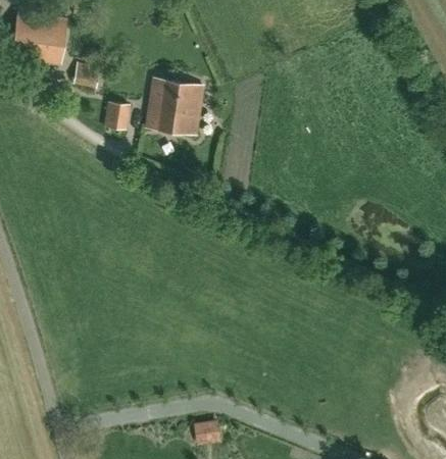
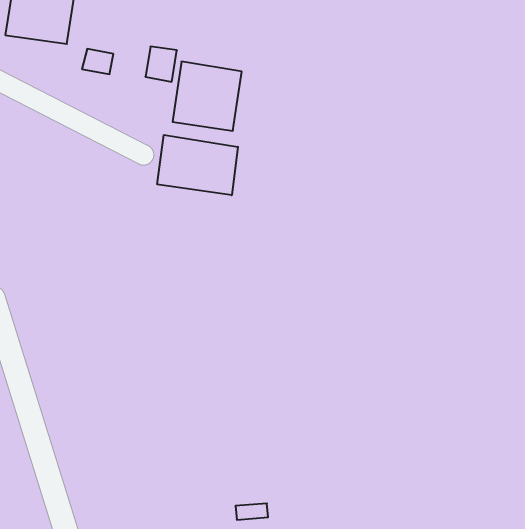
building: [105,102,131,131] -> [145,47,177,82]
building: none -> [157,135,238,195]

